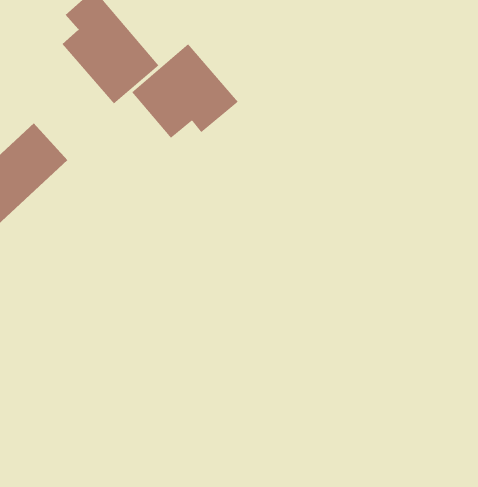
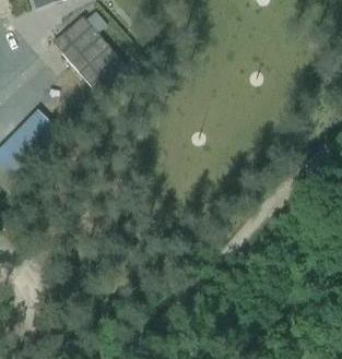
building: [131,43,239,139] -> none

